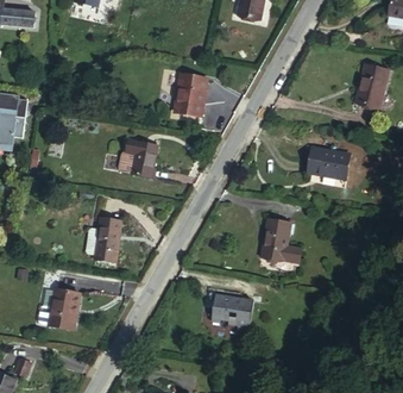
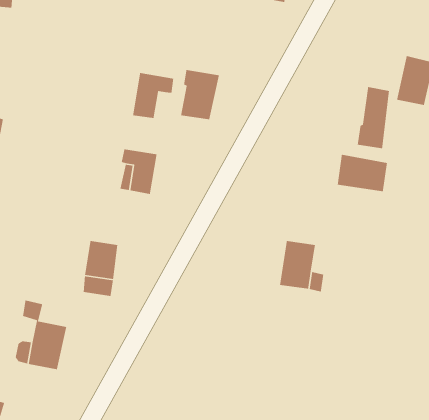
building: none -> [132,72,174,119]
building: none -> [357,86,390,149]
building: [208,295,251,333] -> none

